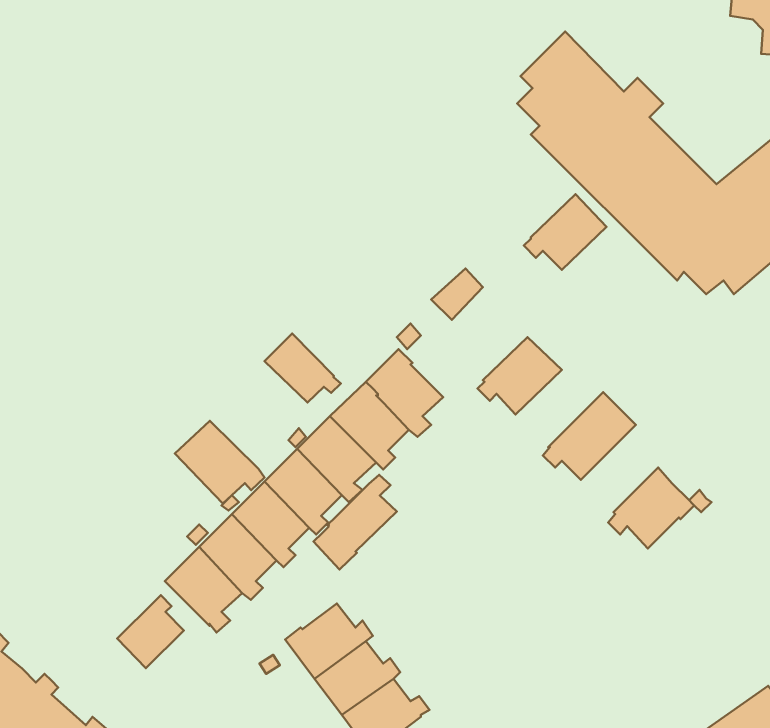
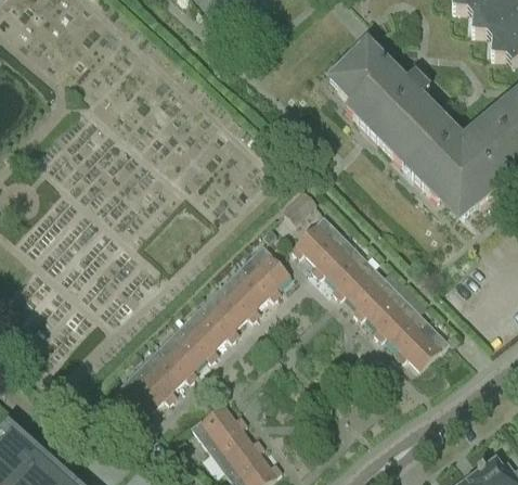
building: [524,194,606,270] -> [293,215,345,263]
building: [265,333,341,402] -> none
building: none -> [334,256,392,305]
building: [175,421,264,503] -> none
building: none -> [375,291,428,346]
building: [313,475,397,570] -> none
building: [117,595,184,668] -> none

